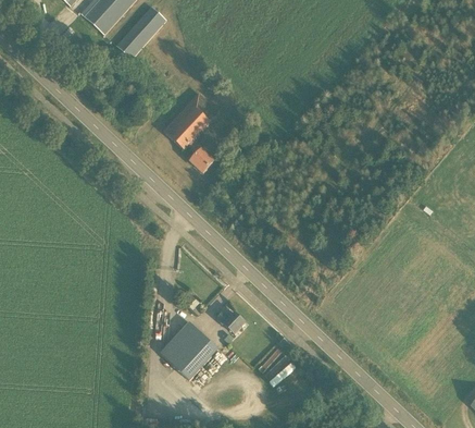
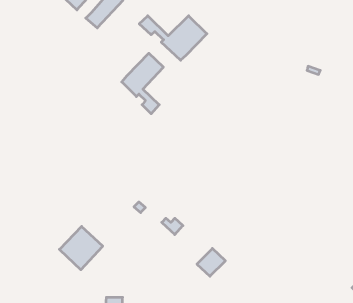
building: none -> [139,16,207,60]
building: [160,321,217,379] -> [59,226,103,270]

